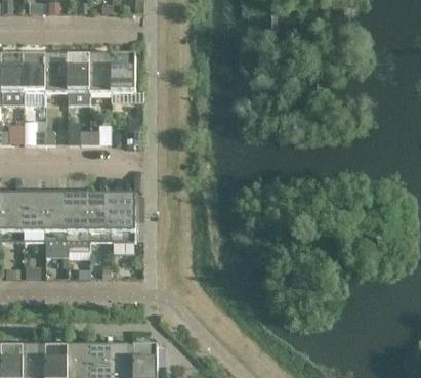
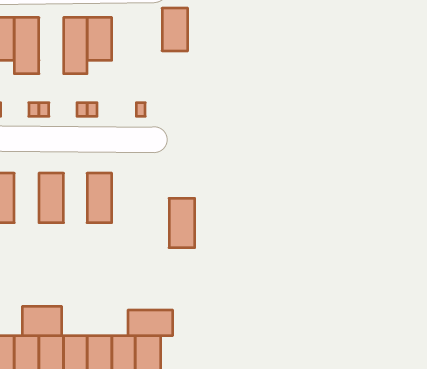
building: [44,53,67,92] -> none
building: [111,53,134,92] -> [162,8,188,51]
building: [22,196,44,241] -> none
building: [67,196,88,241] -> none
building: [111,196,134,241] -> [169,198,195,248]
building: none -> [23,306,61,336]
building: none -> [128,310,172,336]

